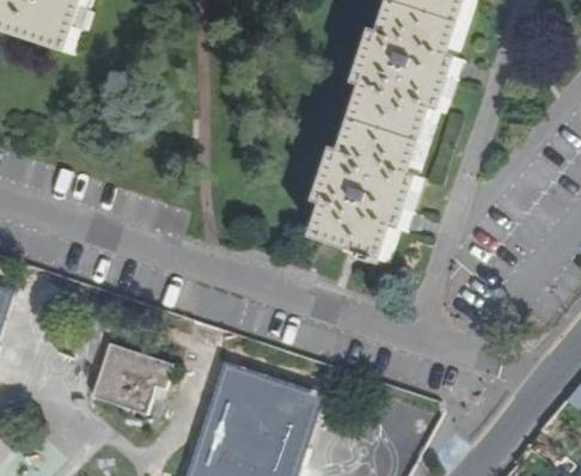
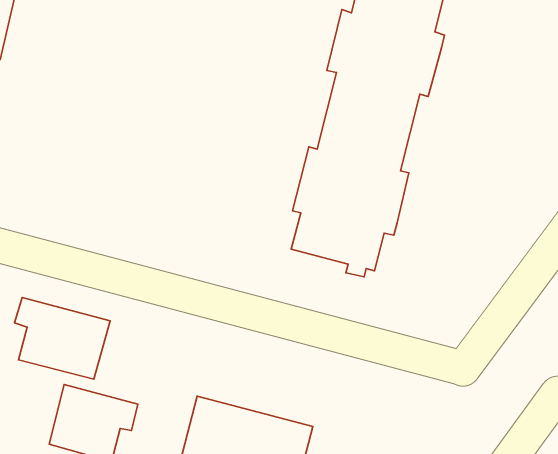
building: none -> [15,297,110,379]

